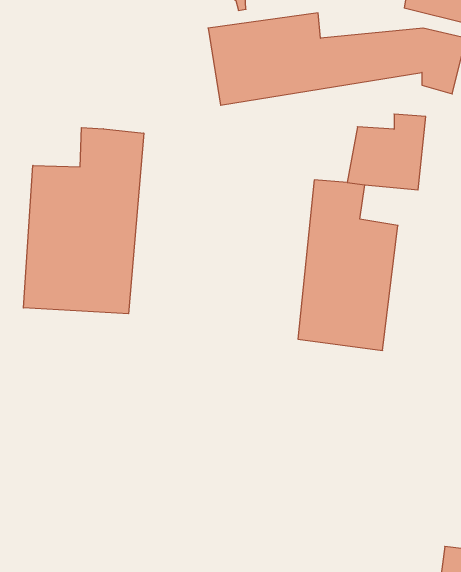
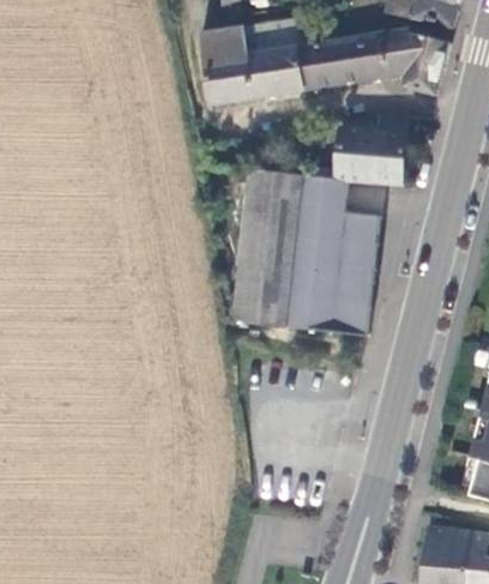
building: [23,128,144,314] -> none
building: none -> [235,169,303,327]

